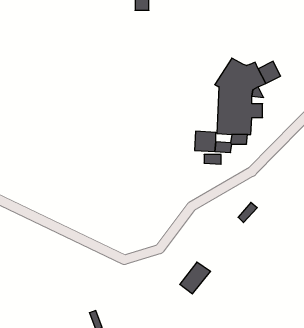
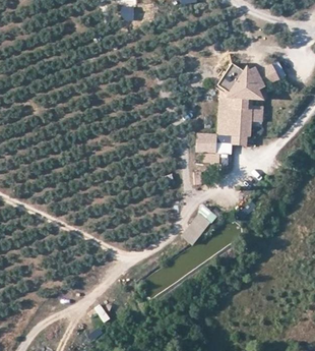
building: [180,262,211,294] -> [181,214,210,244]

